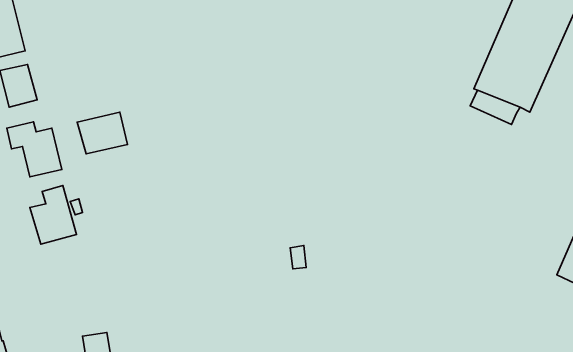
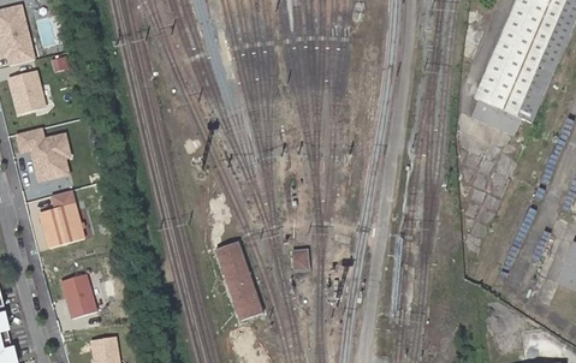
building: [77,112,128,154] -> none
building: none -> [216,243,265,320]
building: none -> [60,274,96,319]

